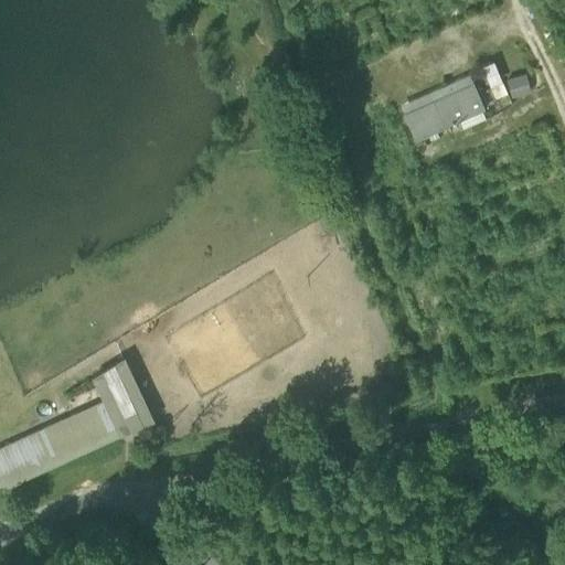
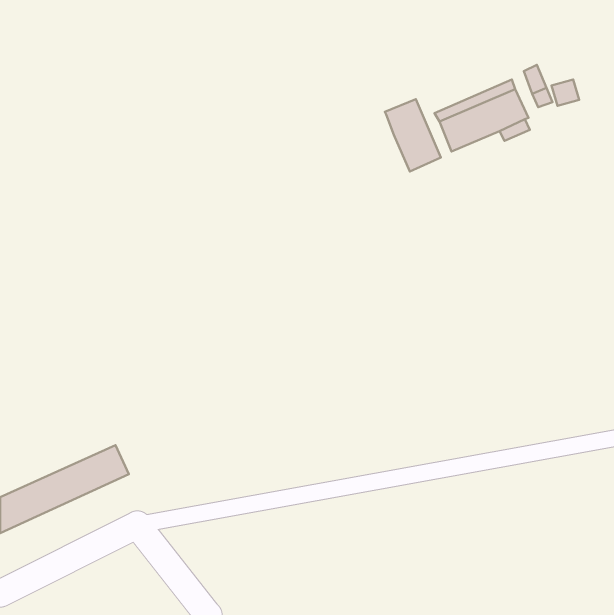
building: none -> [385,99,441,172]
building: [93,360,150,435] -> none

